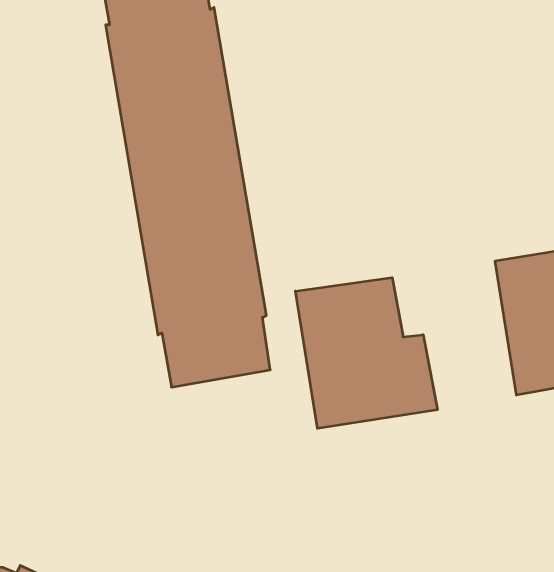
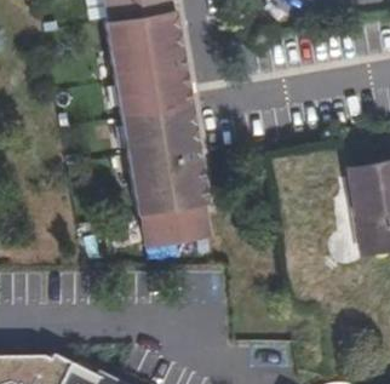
building: [295,278,437,428] -> none

